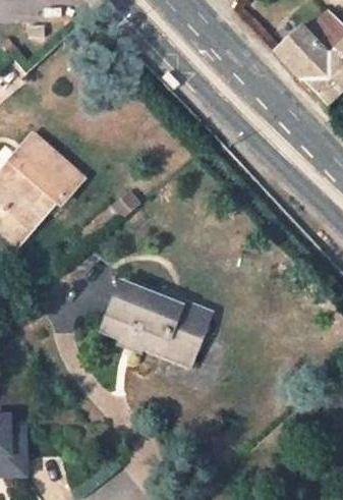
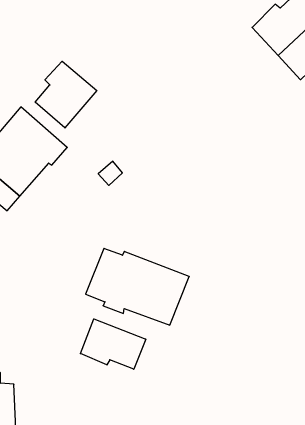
building: none -> [35,61,97,128]
building: none -> [80,319,146,369]

